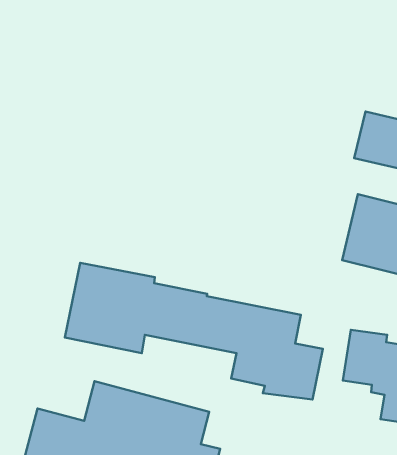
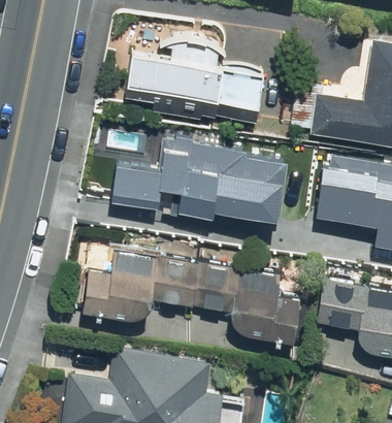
building: none -> [131,36,268,108]
building: none -> [112,140,289,216]

